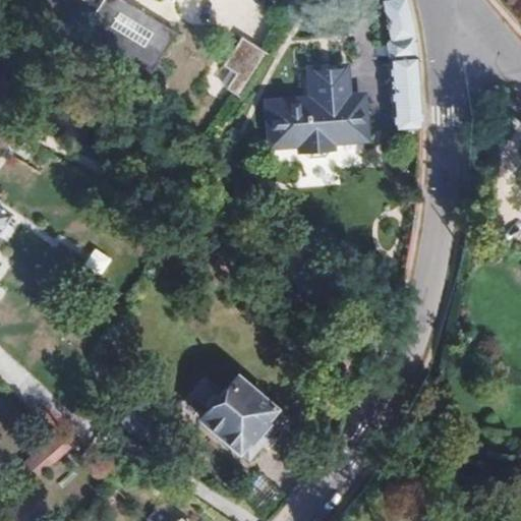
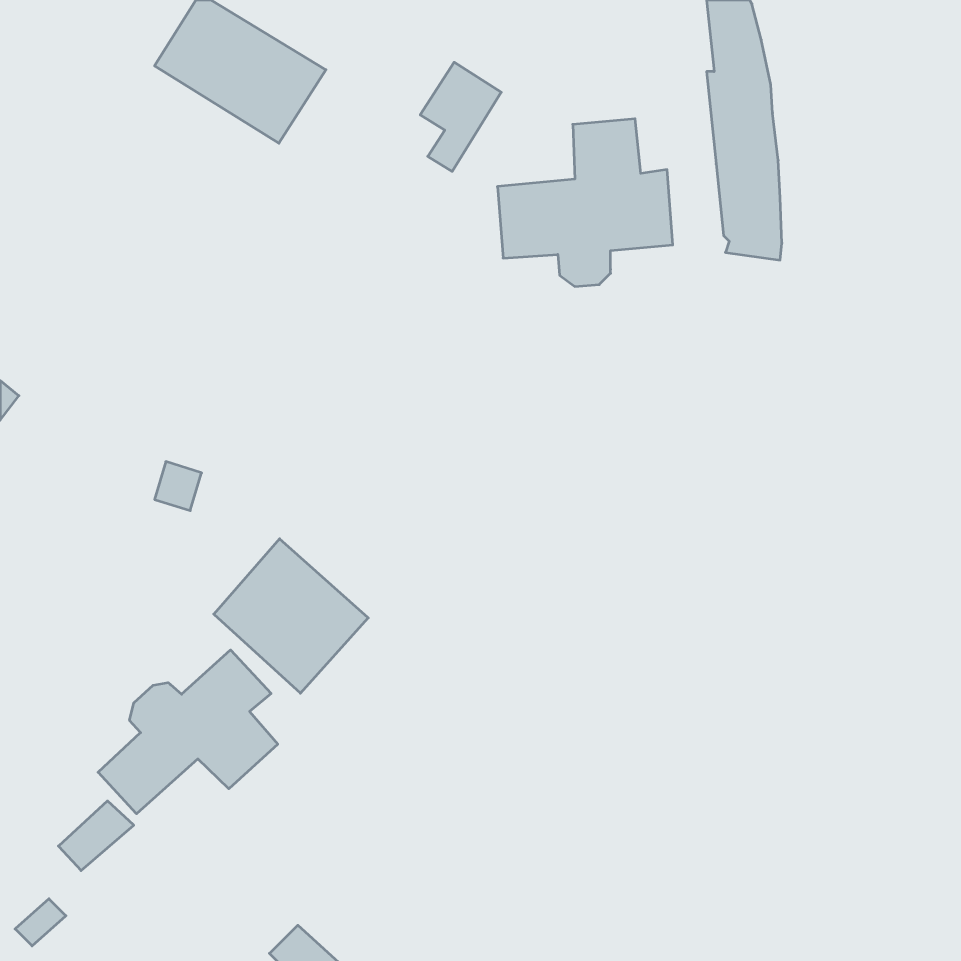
building: none -> [98,650,278,814]
building: [196,371,280,455] -> [214,539,368,693]

